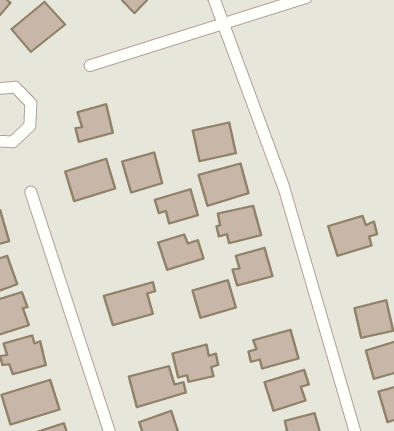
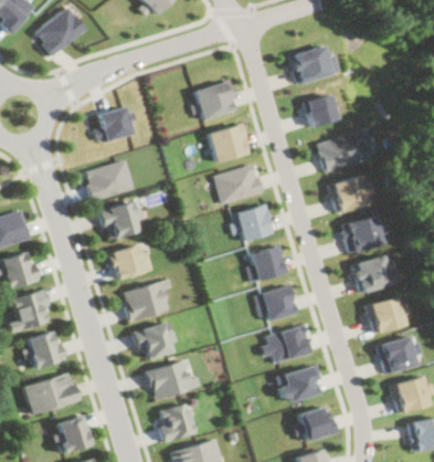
building: none -> [288,45,339,84]
building: none -> [192,80,236,119]
building: none -> [303,94,337,127]
building: none -> [316,128,370,172]
building: [122,152,162,192] -> [99,201,138,240]
building: none -> [328,176,367,213]
building: [155,189,198,224] -> none
building: [158,234,204,270] -> [109,245,154,280]
building: none -> [351,252,399,294]
building: [192,280,236,318] -> [255,285,297,322]
building: [172,344,218,382] -> [134,322,178,358]

